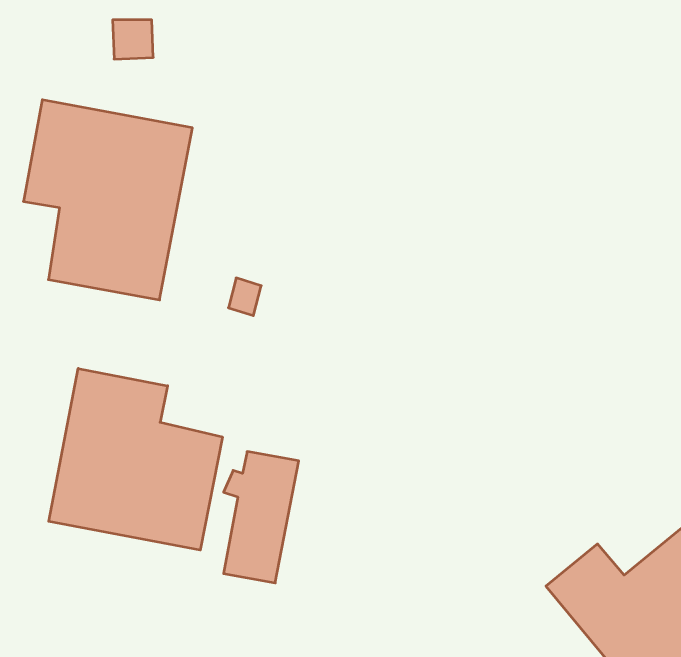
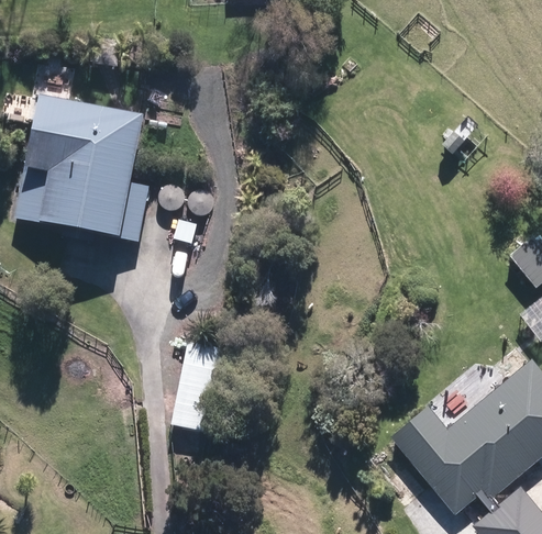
building: [49,368,222,550] -> none

